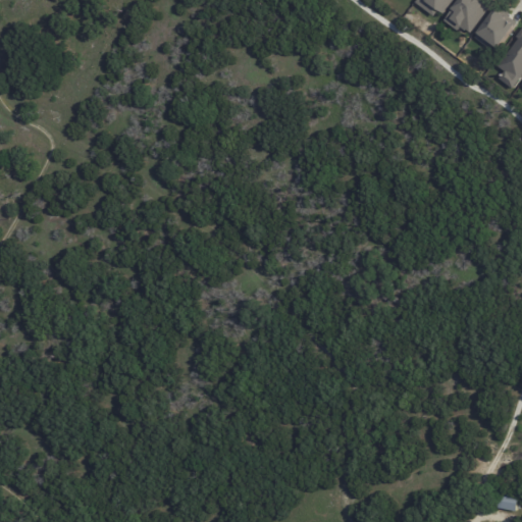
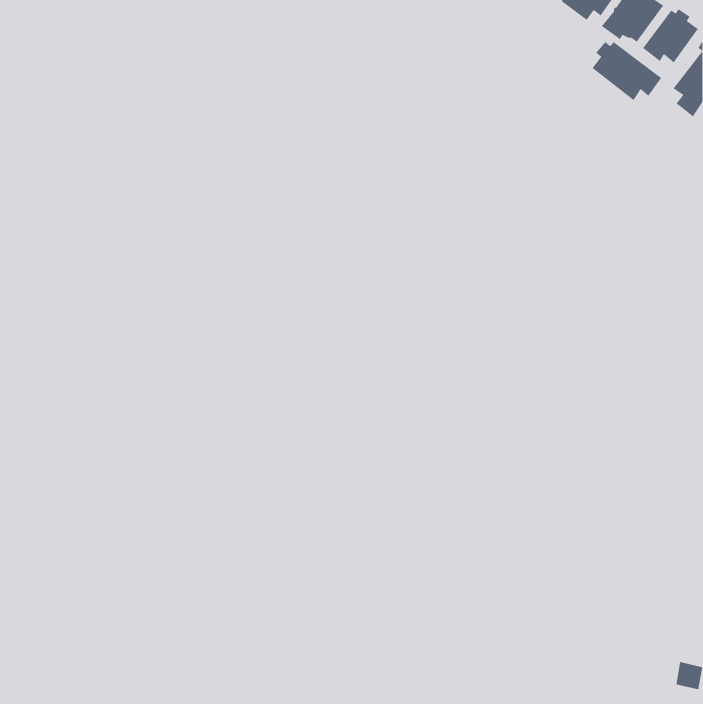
building: none -> [591,41,662,101]

